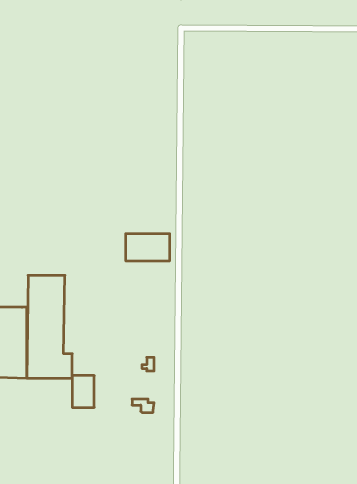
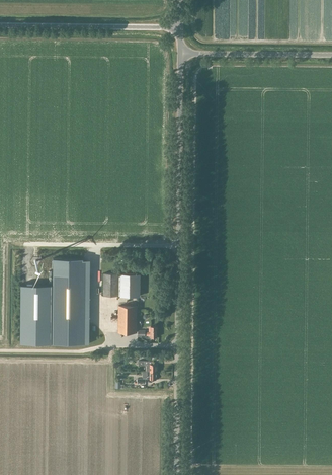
building: [126,234,170,261] -> [103,275,140,298]
building: [72,376,94,407] -> [118,308,137,334]

